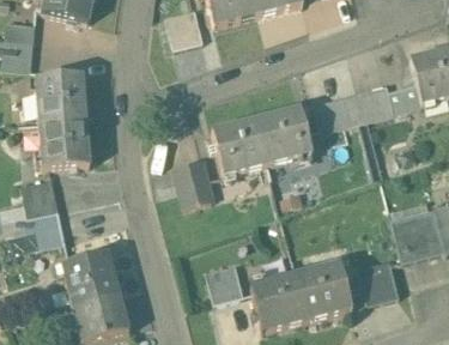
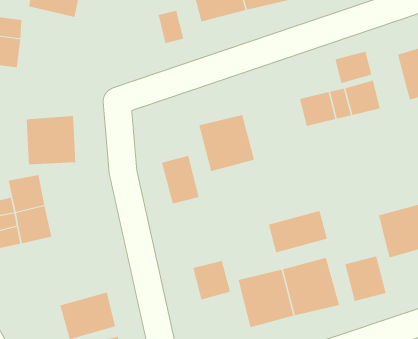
building: none -> [335,51,372,84]
building: [36,73,87,122] -> none
building: [256,105,313,163] -> none
building: none -> [268,210,328,253]
building: [61,250,121,308] -> none

